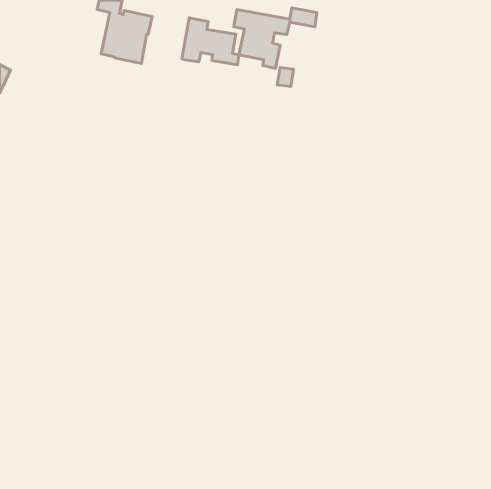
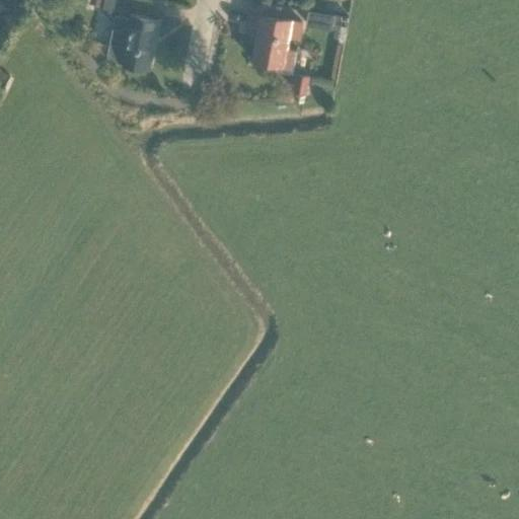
building: [182,18,239,65] -> none

